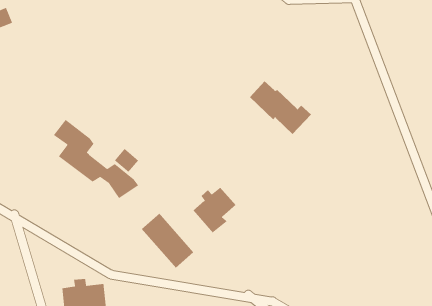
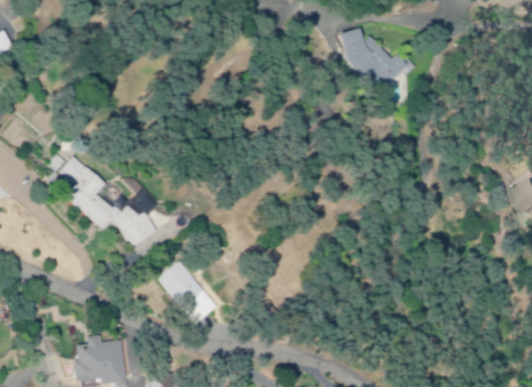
building: [249,81,312,135] -> [332,26,403,87]
building: [192,187,236,234] -> none

